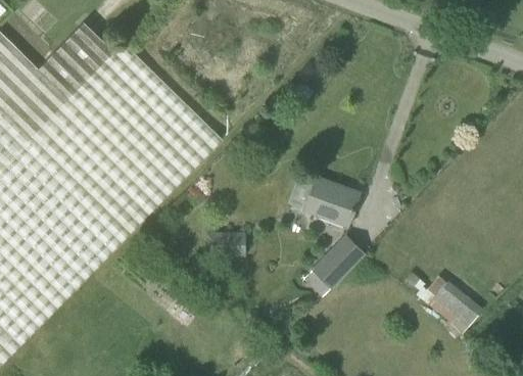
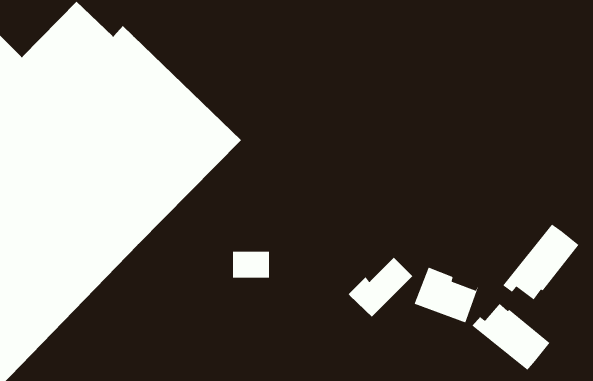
building: [303,177,359,225] -> [413,267,479,324]
building: none -> [502,224,579,301]

